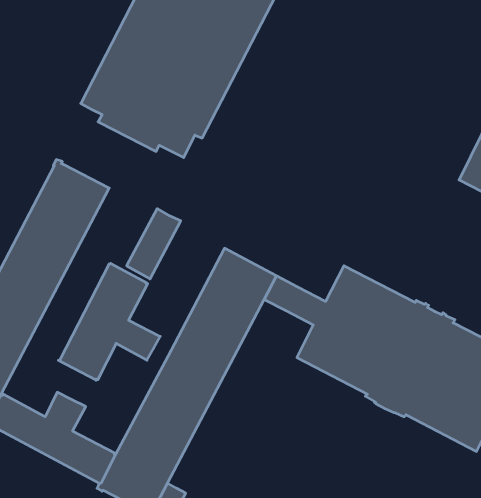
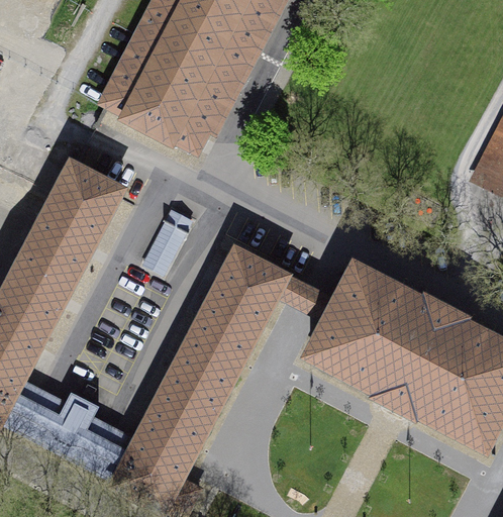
building: [58,263,160,380] -> none

